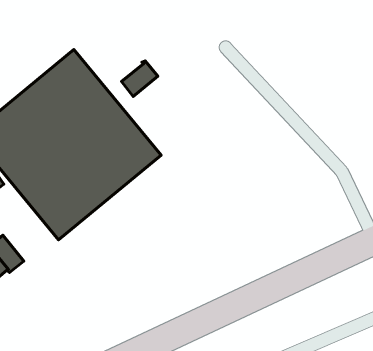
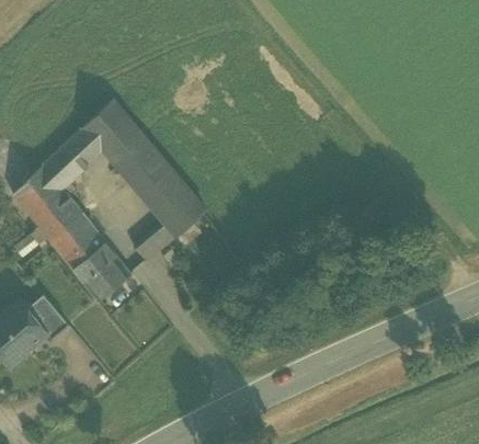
building: [121,61,158,96] -> none

